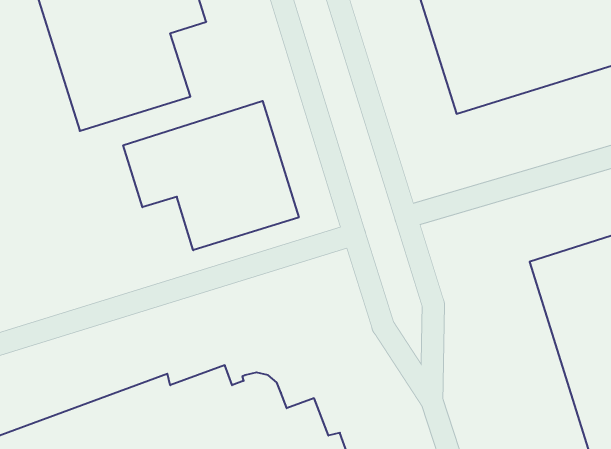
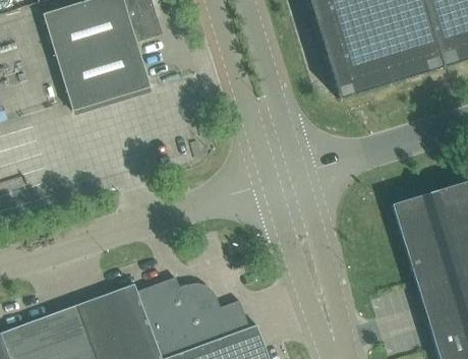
building: [123,101,299,250] -> none

